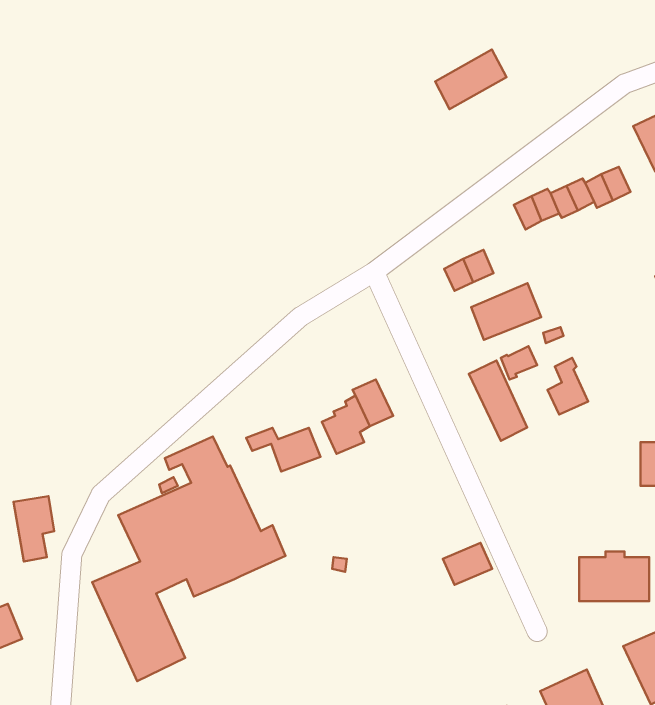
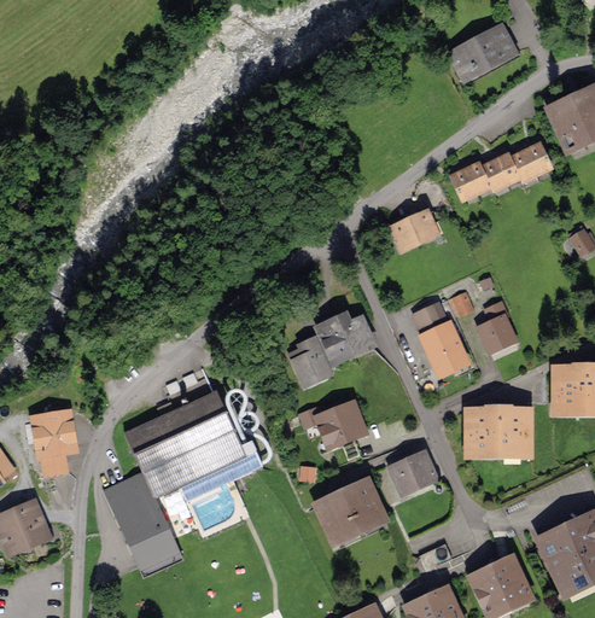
building: [435,49,506,109] -> [454,28,513,77]
building: [471,283,541,340] -> none
building: none -> [338,316,372,350]
building: [246,428,321,471] -> [301,406,362,442]
building: [579,552,649,601] -> [469,409,527,450]
building: none -> [320,483,383,538]

